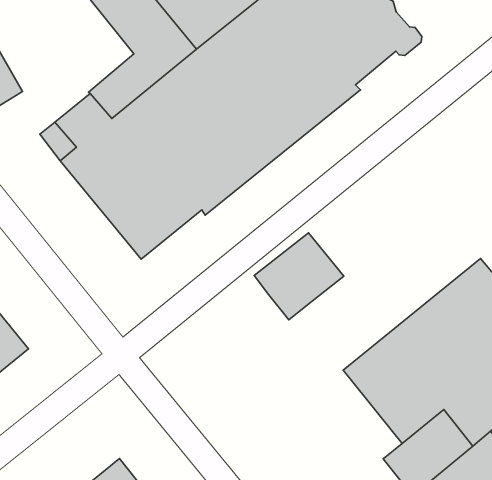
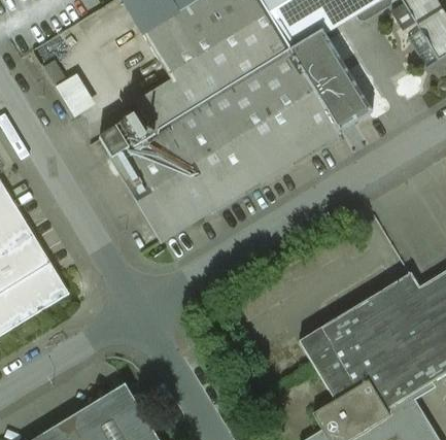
building: [254,233,344,320] -> none

